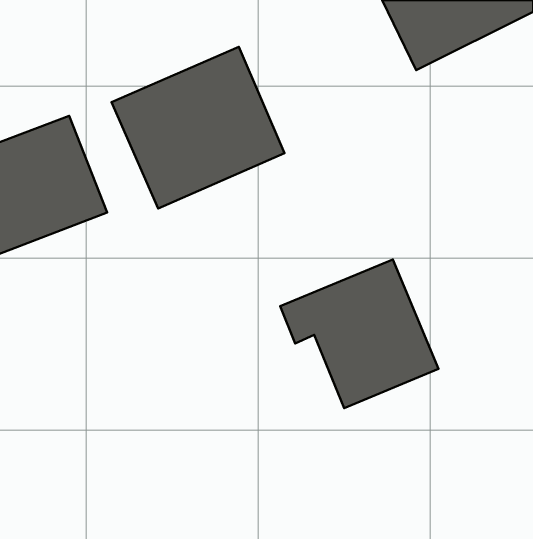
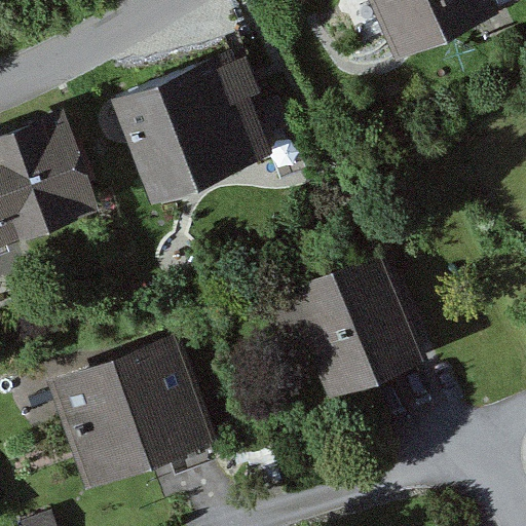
building: none -> [46,335,214,491]

